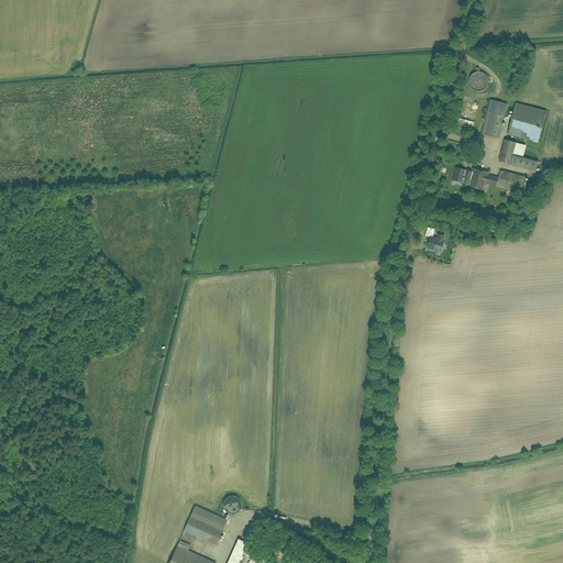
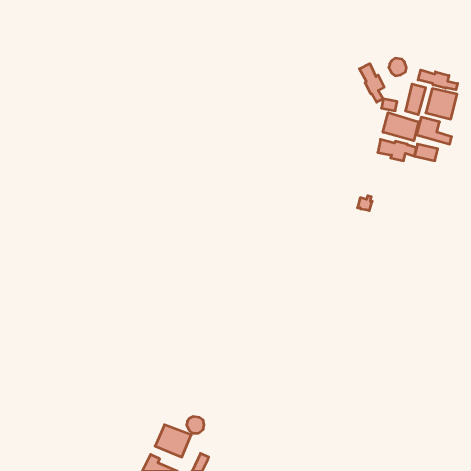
building: none -> [359,64,384,102]
building: none -> [418,70,458,90]
building: none -> [383,113,418,141]

